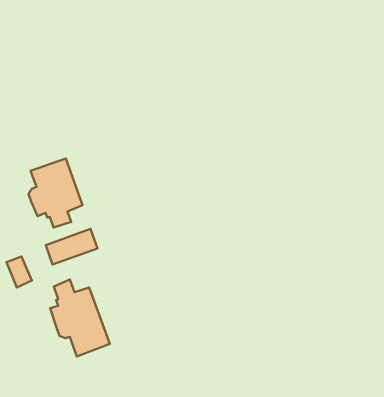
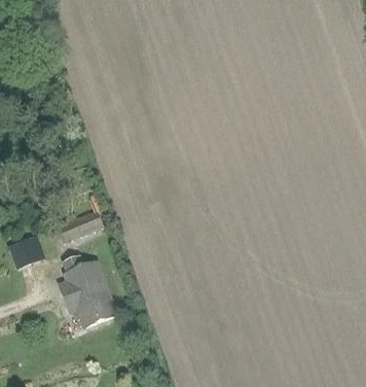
building: [29,158,83,227] -> none

